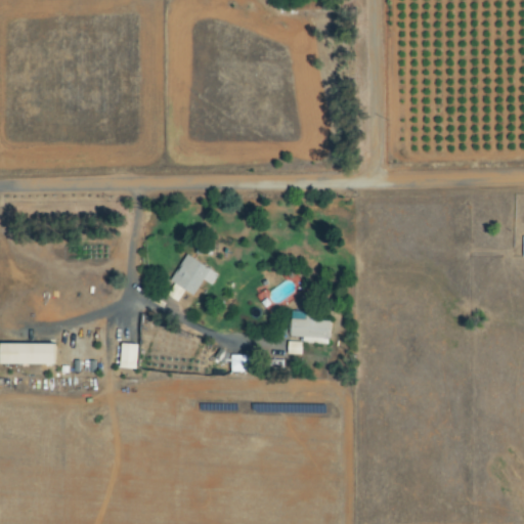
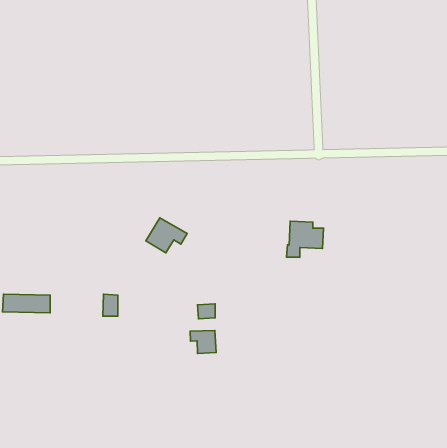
building: [286,312,329,354] -> [287,221,323,257]
building: none -> [190,331,216,353]

